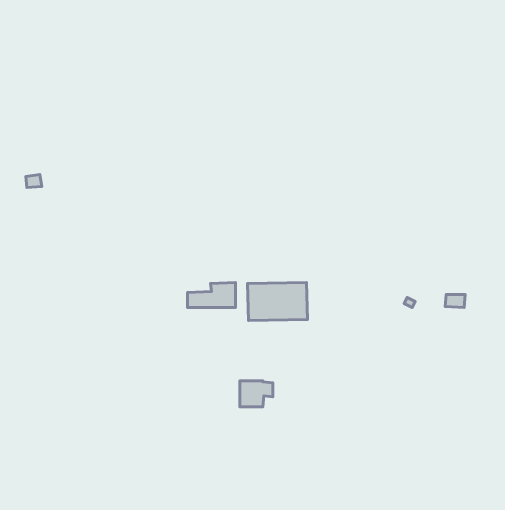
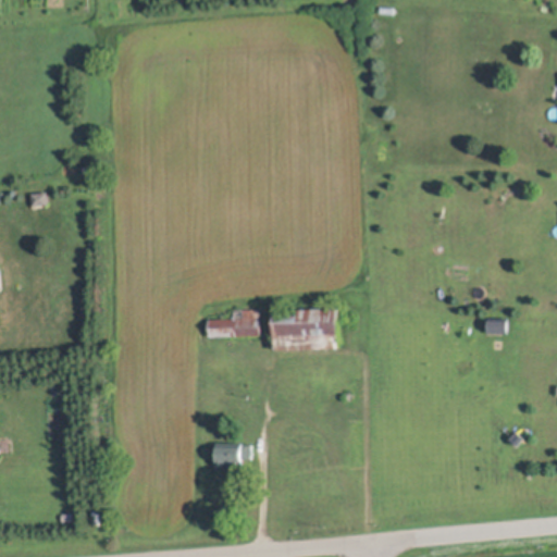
building: [240,381,273,407] -> [213,442,249,470]

